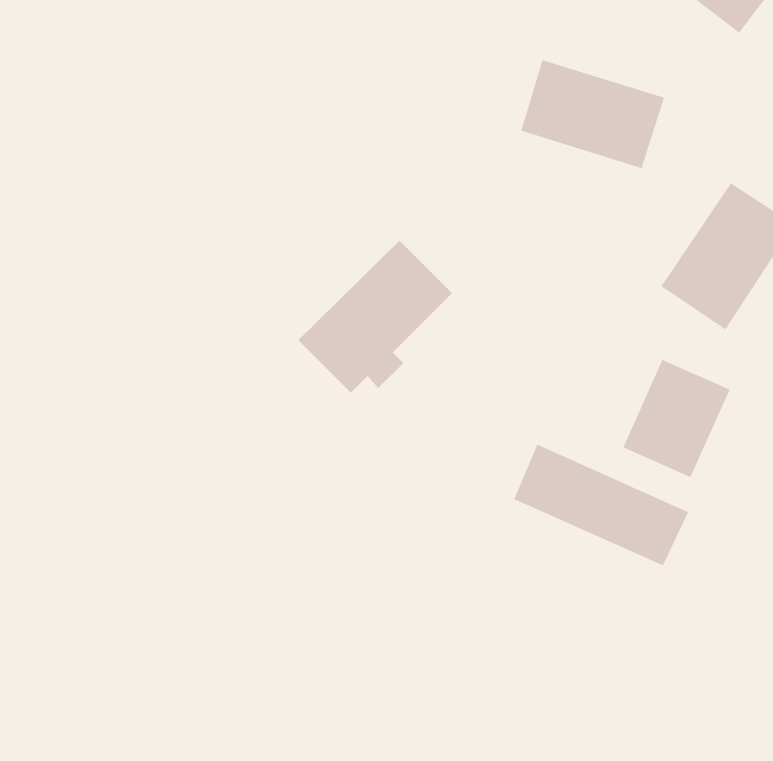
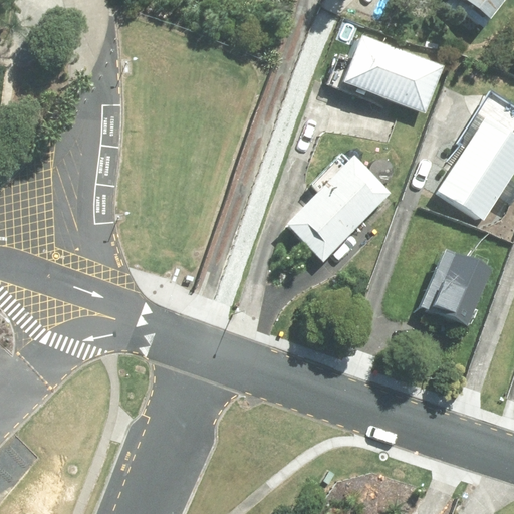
building: [298,240,453,394] -> [287,159,390,260]
building: [513,444,689,566] -> none

